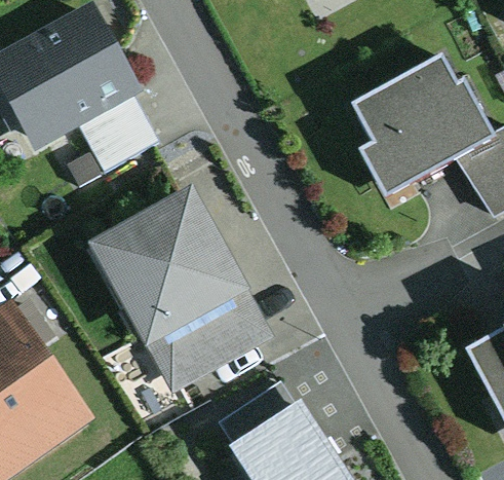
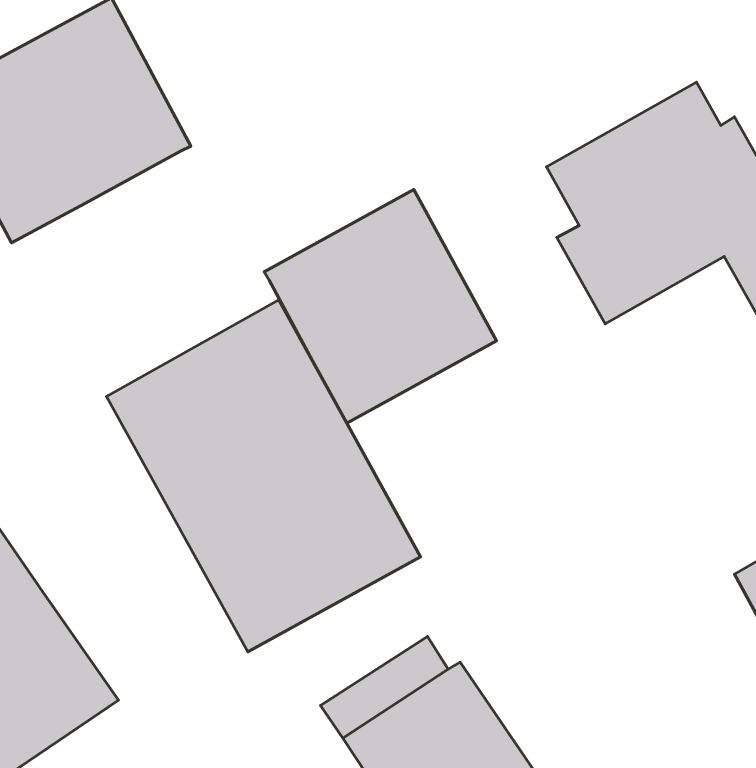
building: [77,94,160,173] -> none
building: none -> [264,189,497,423]

